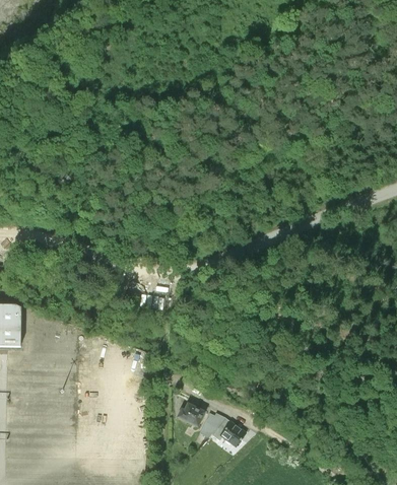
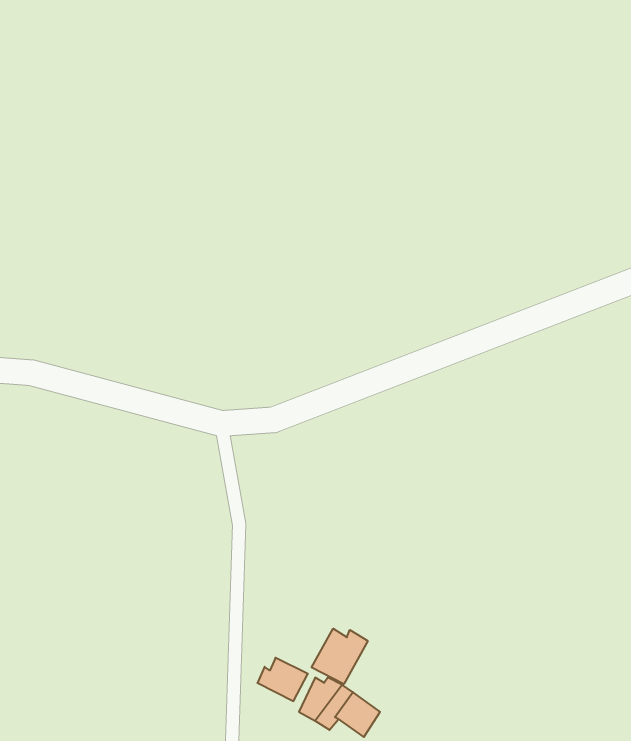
building: none -> [312,629,368,684]

